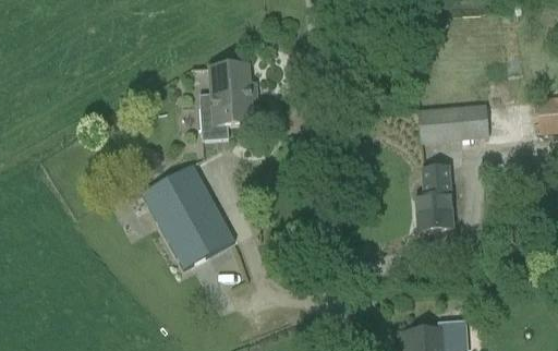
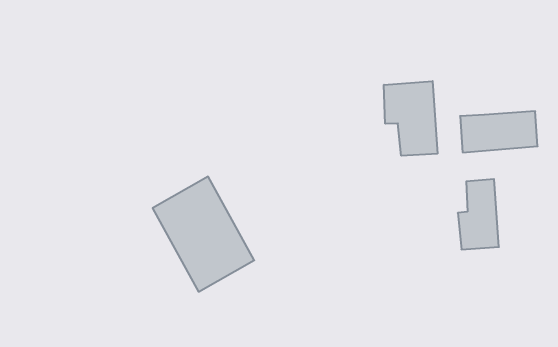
building: [199,63,253,138] -> none
building: none -> [384,81,437,156]

